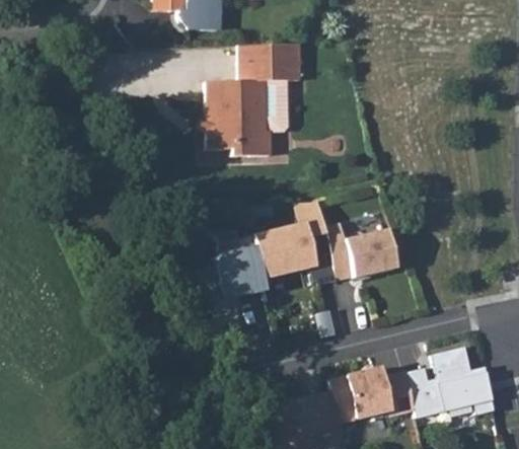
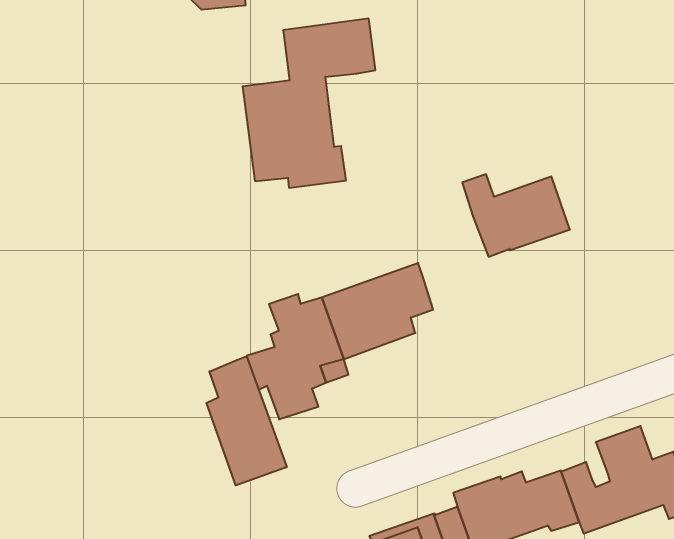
building: [269,80,293,130] -> none
building: [322,222,394,280] -> [462,174,570,257]
building: none -> [206,356,287,485]

